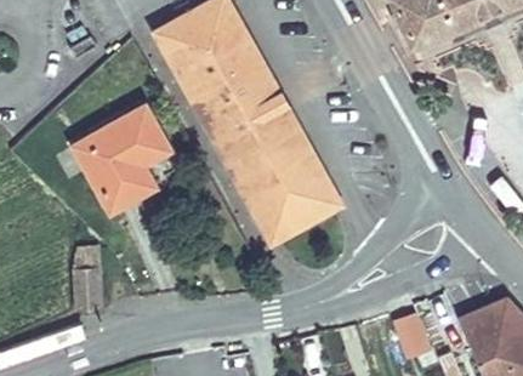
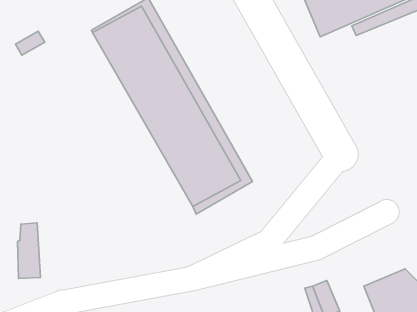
building: [73,108,165,212] -> none

